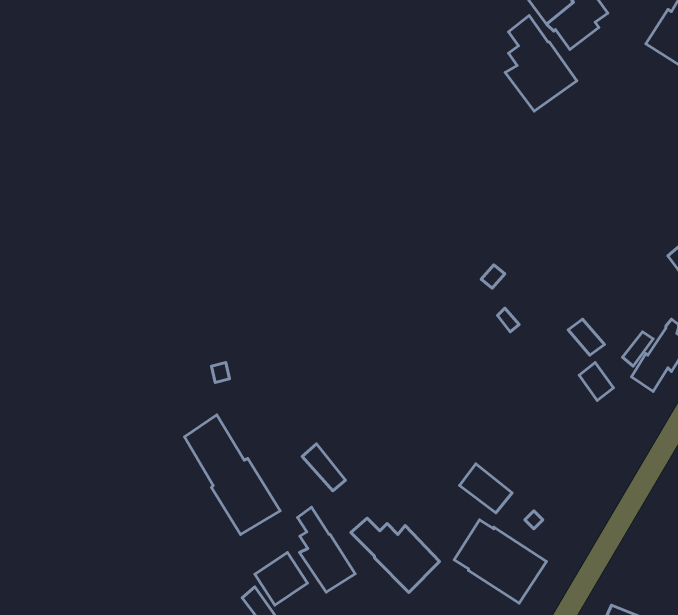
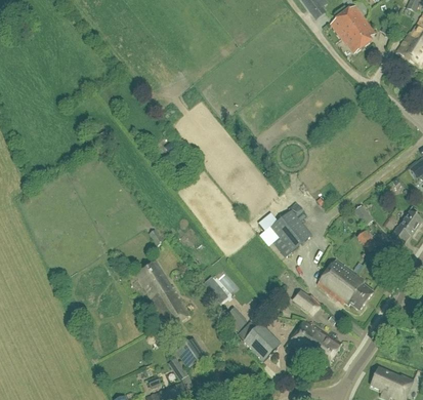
building: [505,15,577,111] -> none
building: none -> [265,209,312,256]
building: none -> [318,258,373,310]
building: [298,507,355,592] -> none

